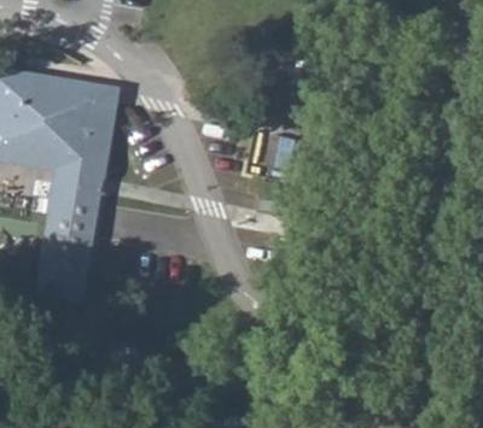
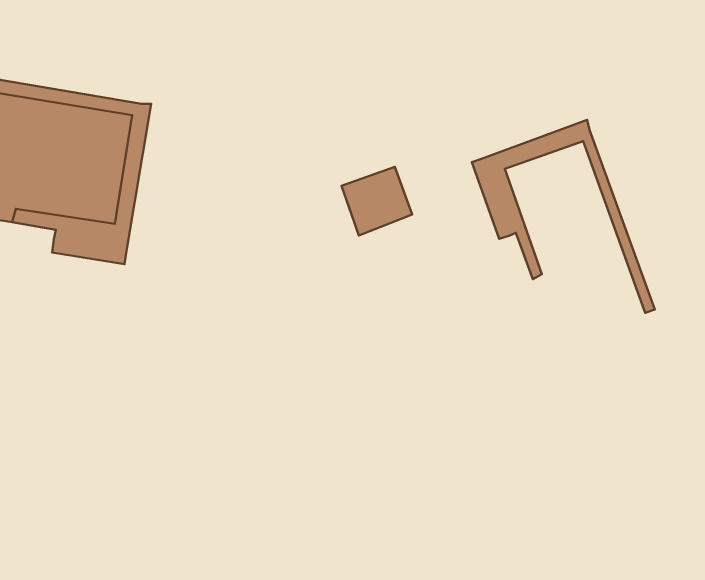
building: none -> [472,120,655,313]
building: [41,183,101,285] -> none

